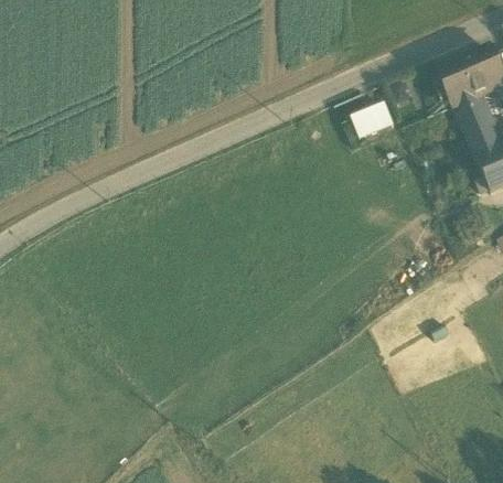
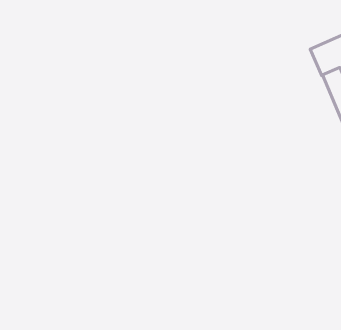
building: [351,101,394,138] -> none

